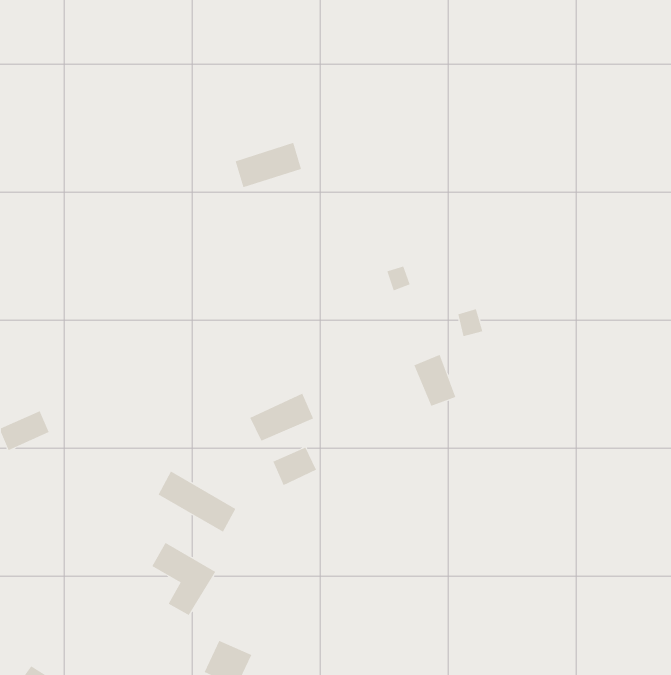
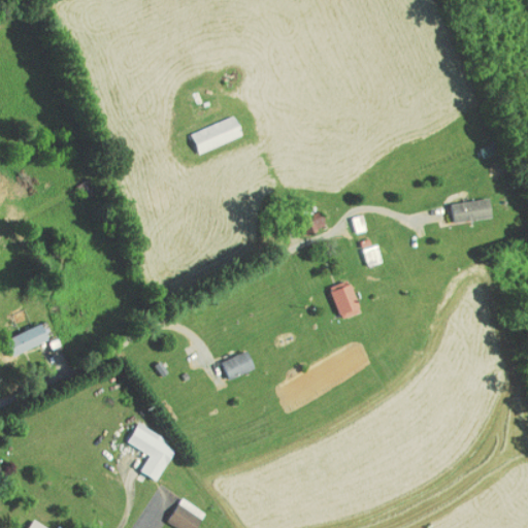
building: none -> [451,200,492,223]
building: [250,393,314,441] -> none
building: [158,471,236,533] -> none

